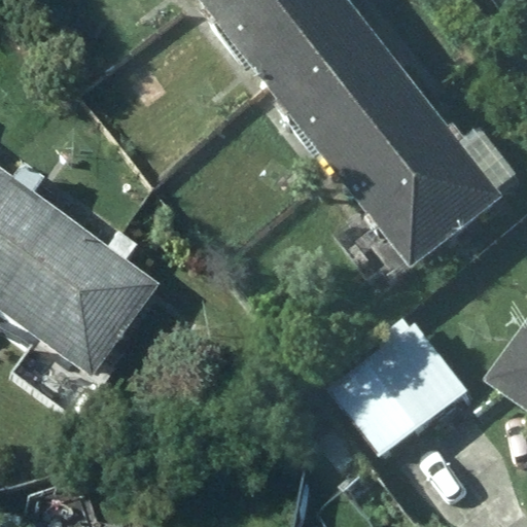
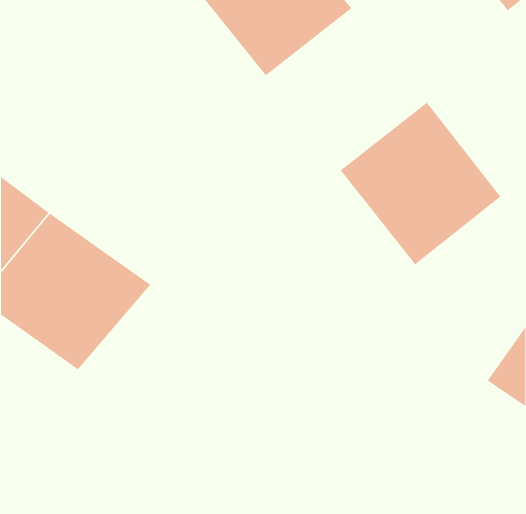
building: [266,8,427,171] -> none
building: [345,319,468,444] -> none

